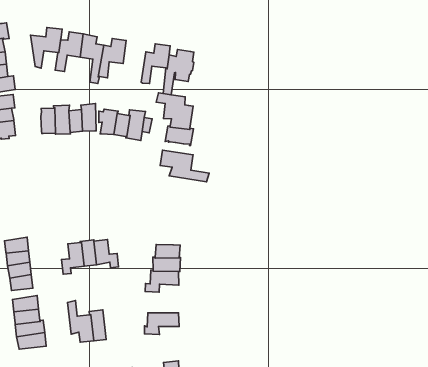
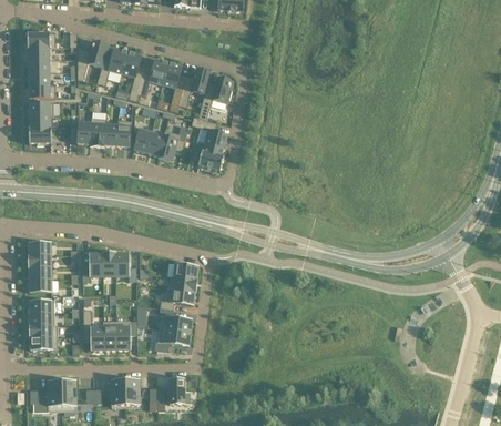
building: none -> [162,62,185,112]
building: [160,150,209,182] -> none
building: none -> [157,307,191,332]
building: none -> [115,321,136,349]

